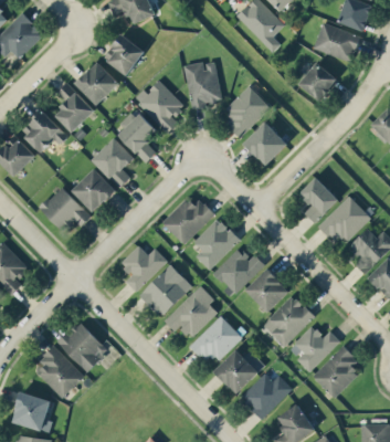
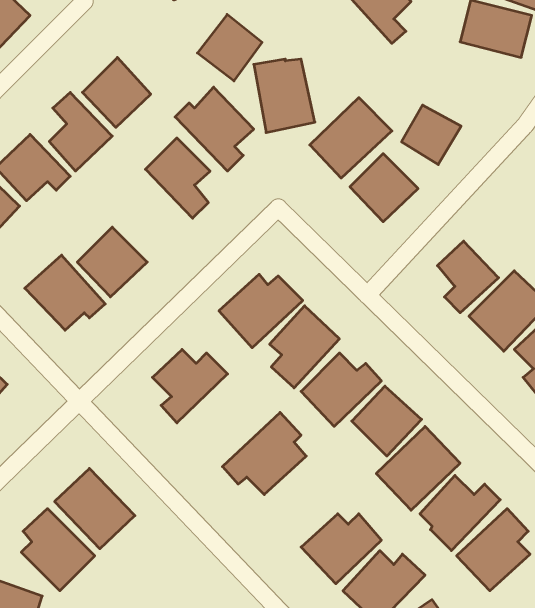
building: [103,33,144,75] -> [197,14,262,81]
building: [299,63,337,101] -> [402,105,461,165]
building: [92,137,134,187] -> none
building: [139,264,191,316] -> none
building: [188,315,241,362] -> none

